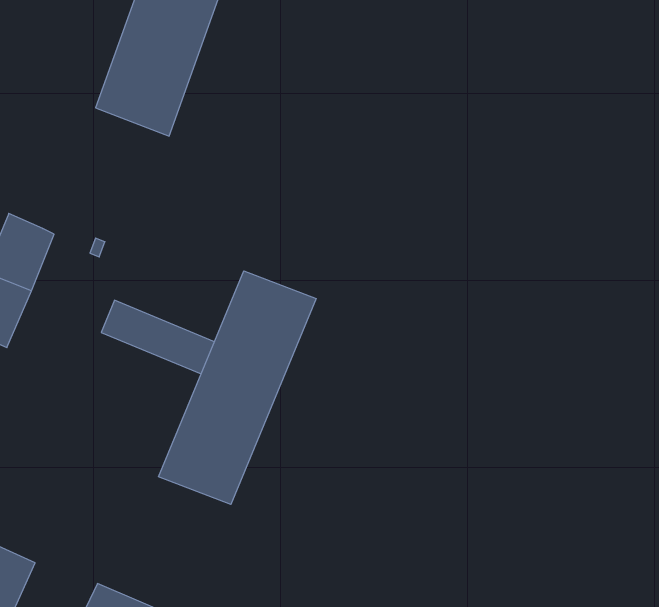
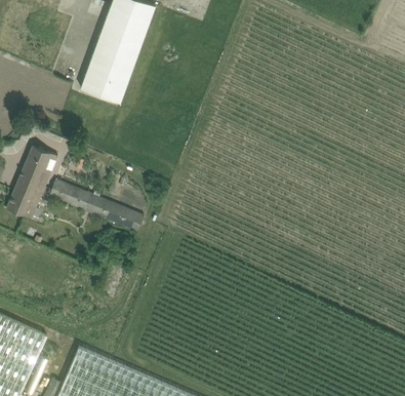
building: [159,271,316,504] -> none
building: none -> [49,179,90,210]

